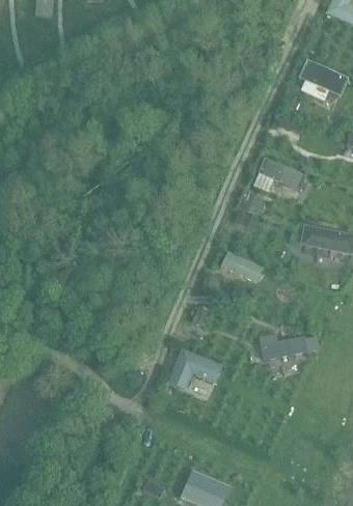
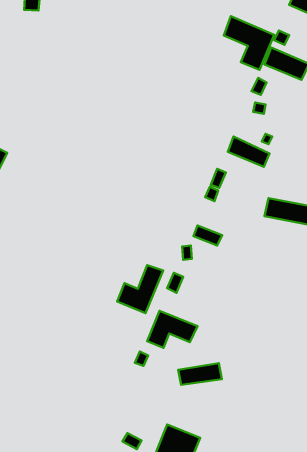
building: none -> [224,16,274,70]
building: none -> [117,265,163,313]
building: [259,335,306,359] -> [178,363,222,385]

